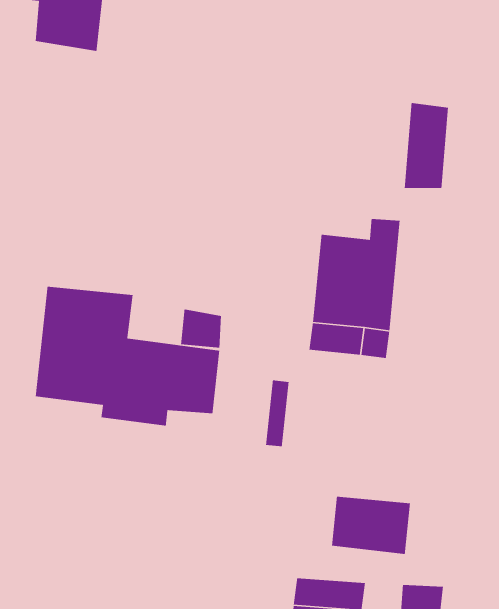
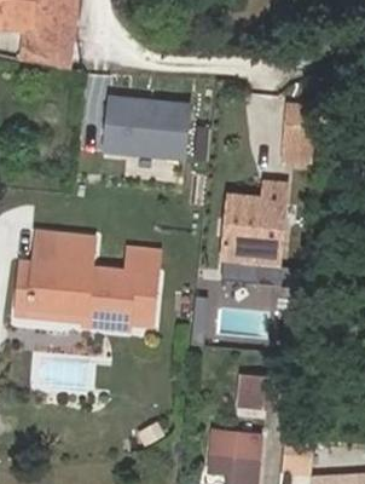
building: none -> [104,94,190,156]

